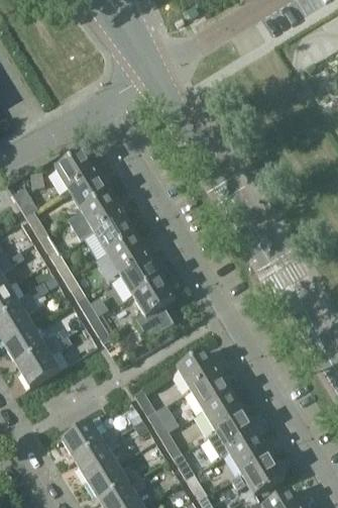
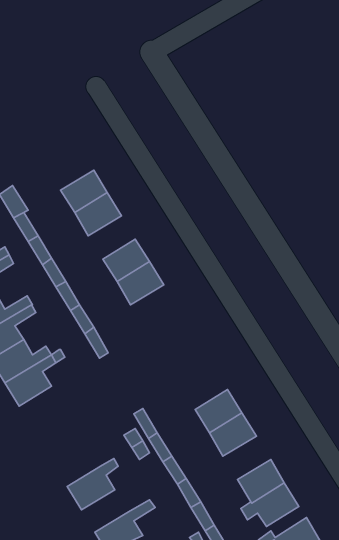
building: [54,149,98,190] -> none
building: [93,213,135,252] -> none
building: [131,276,175,335] -> none
building: [177,349,219,389] -> none
building: [207,413,258,458] -> none
building: [62,419,125,459] -> none
building: [87,462,141,500] -> none

